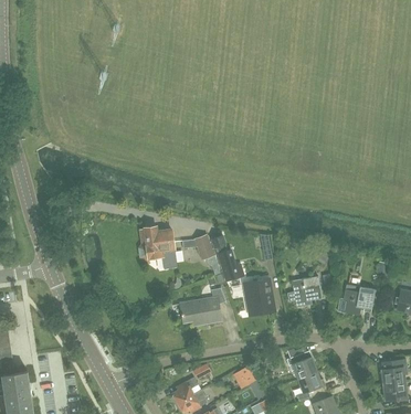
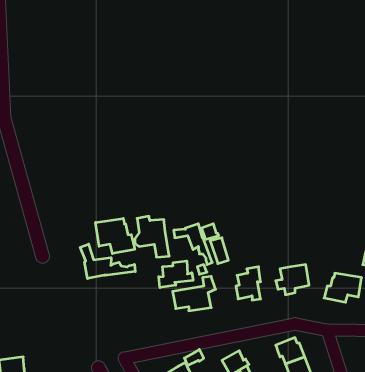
building: none -> [96,218,135,254]
building: none -> [80,244,135,279]
building: none -> [159,261,193,288]

